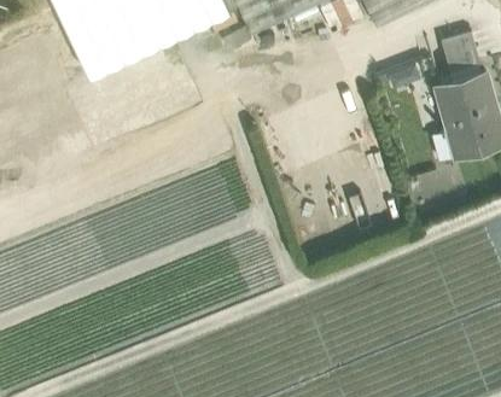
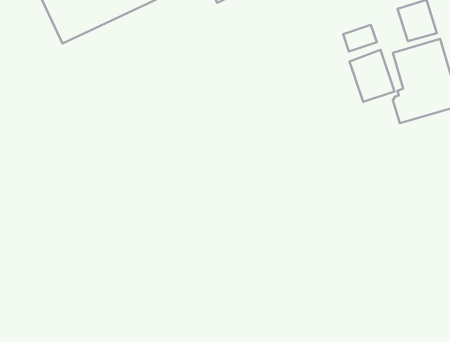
building: none -> [350,50,395,102]

